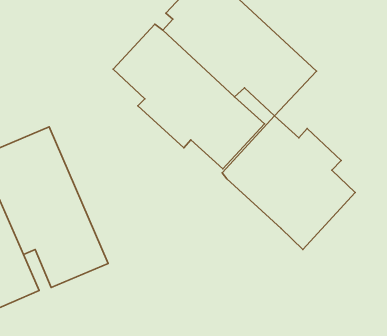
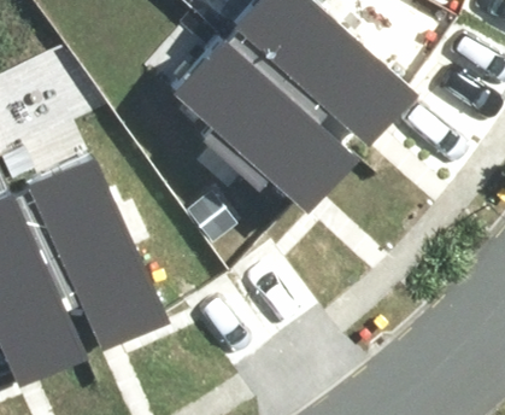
building: [222,116,355,249] -> none

